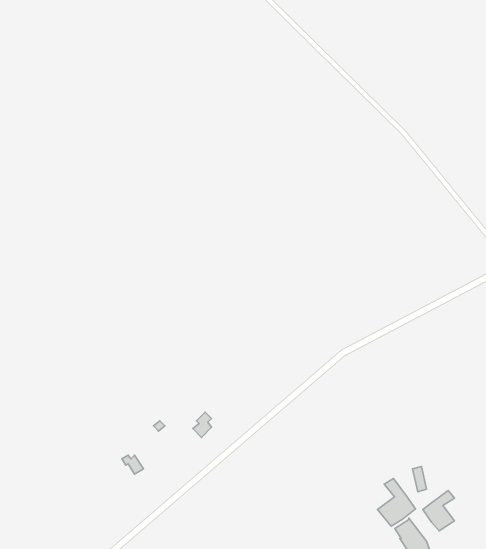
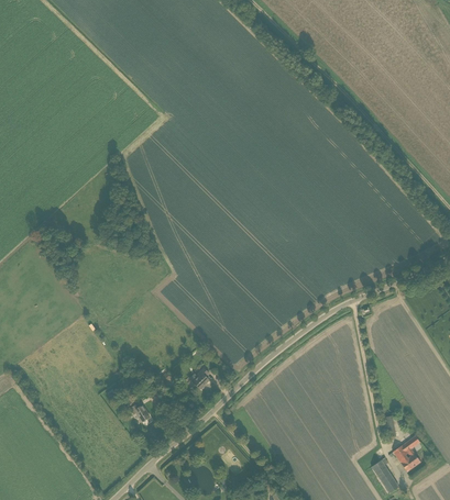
building: [378,478,416,526] -> none

